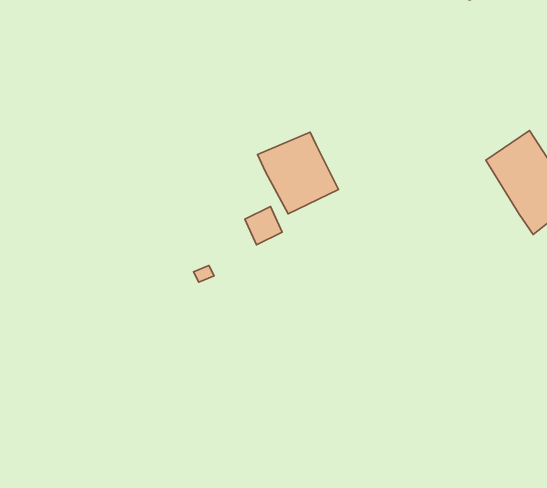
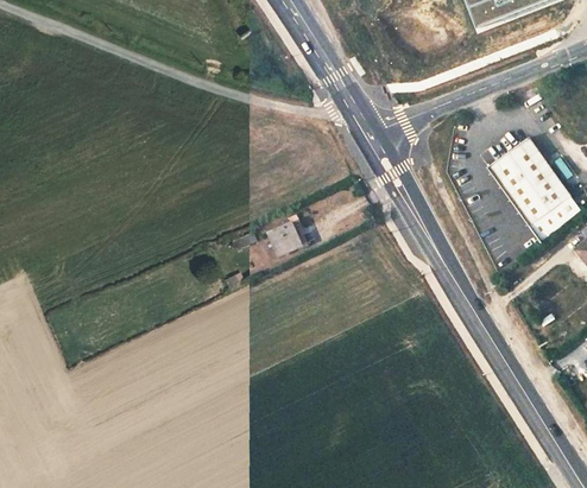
building: [257,132,339,214] -> none

